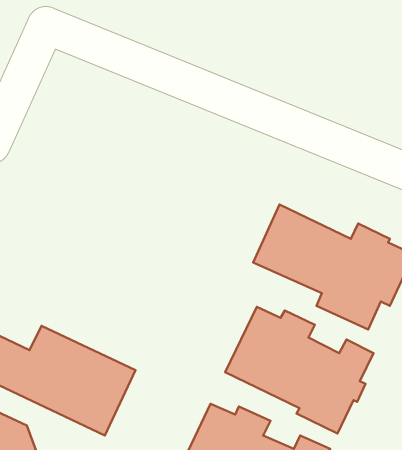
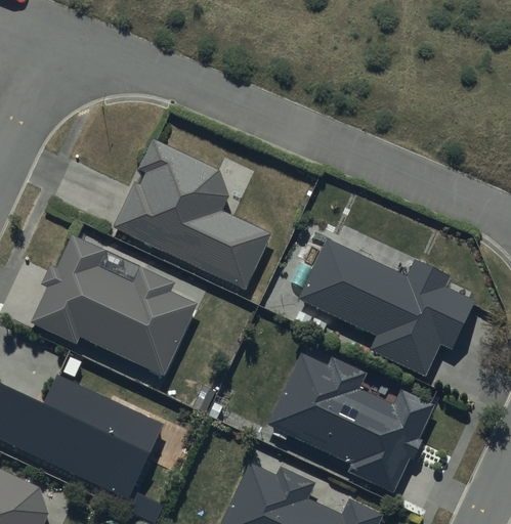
building: none -> [112,139,270,292]
building: none -> [29,234,197,379]

